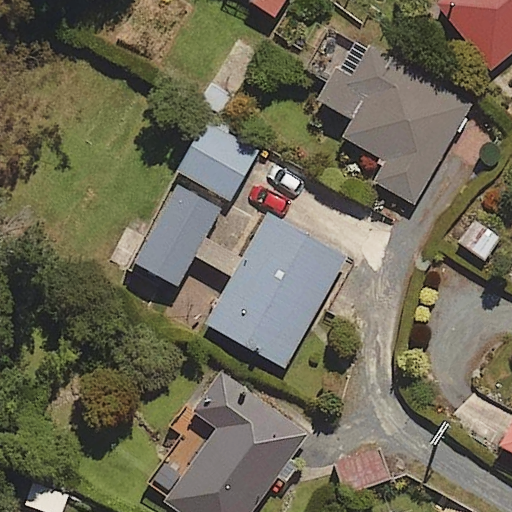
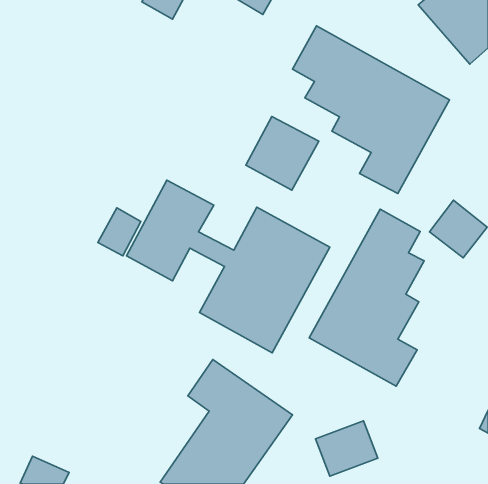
building: [181,124,257,201] -> [246,116,319,190]
building: none -> [309,209,424,386]

